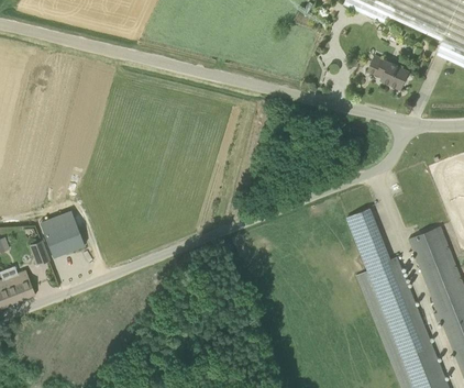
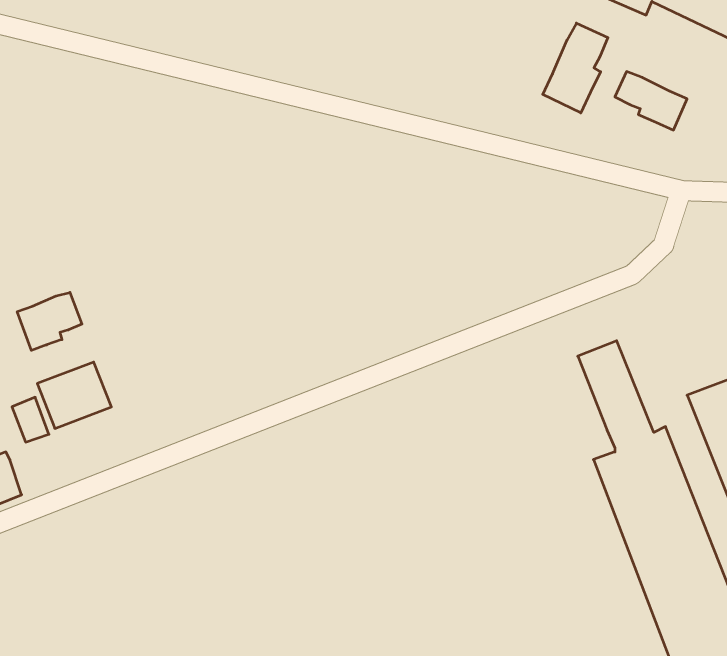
building: none -> [543,23,608,113]
building: none -> [17,292,82,350]

